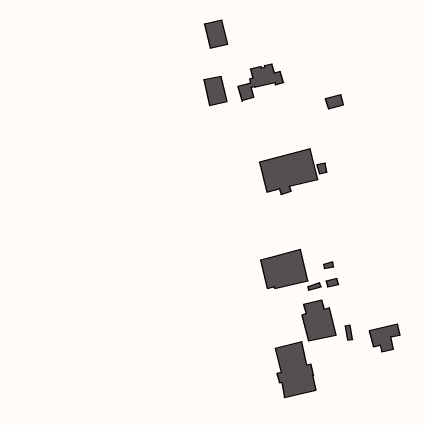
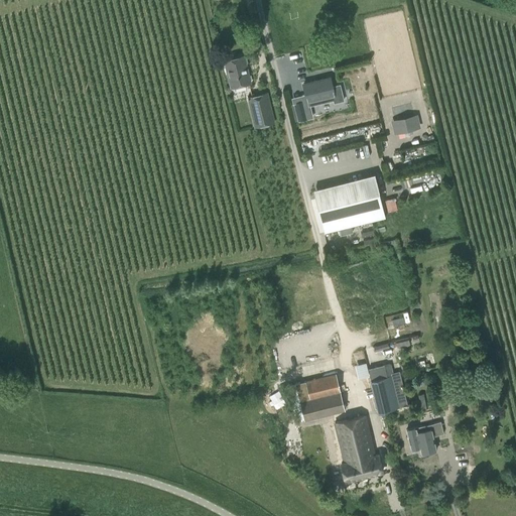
building: [204,20,228,48] -> [223,54,251,89]
building: [261,249,308,288] -> [287,373,345,420]
building: [369,324,400,352] -> [406,421,443,455]

